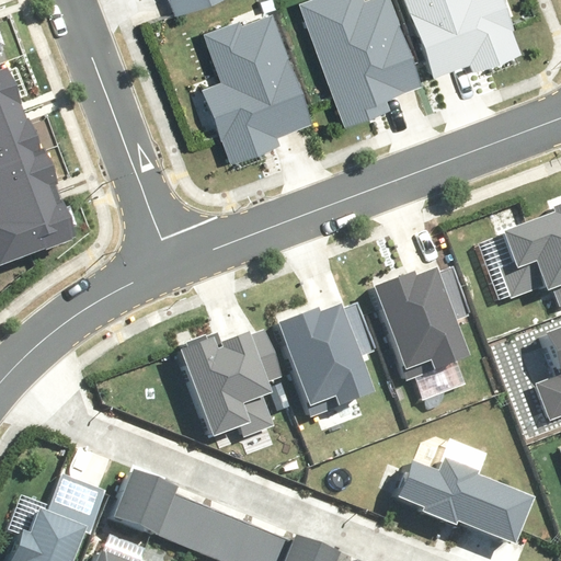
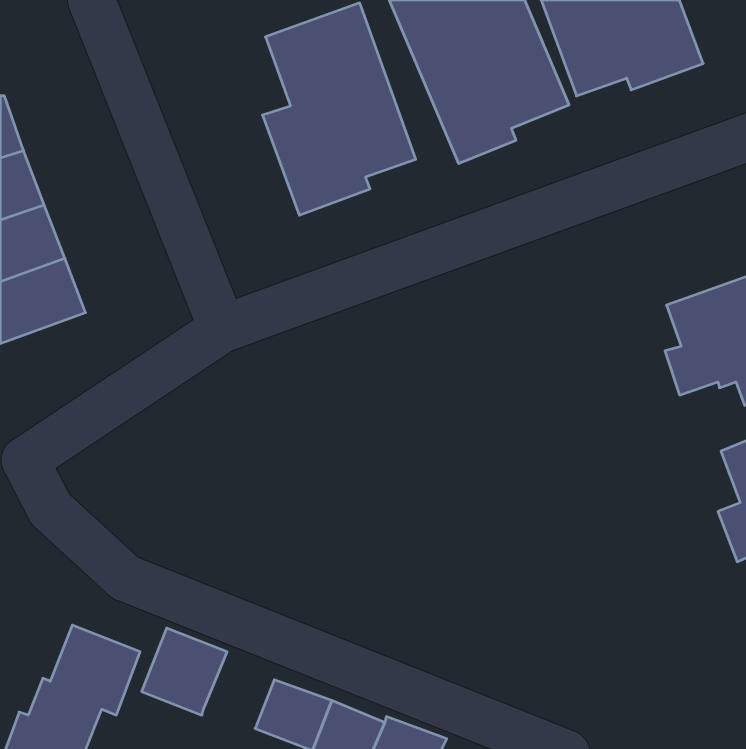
building: [371,271,468,371] -> none
building: [276,304,373,403] -> none
building: [181,331,286,434] -> none
building: [396,458,530,545] -> none
building: [157,493,209,545] -> none

